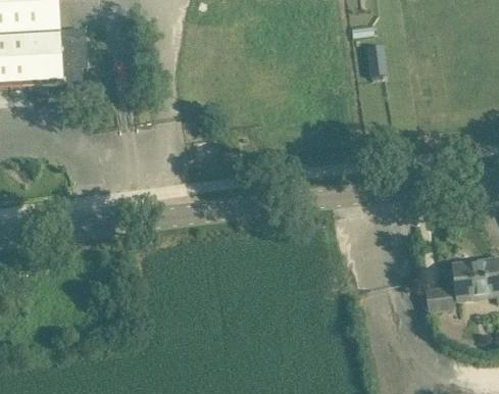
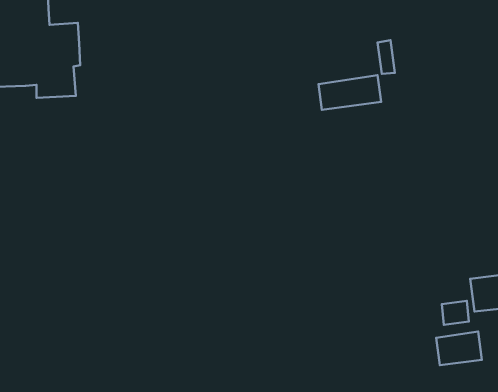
building: none -> [318,75,381,110]
building: none -> [436,332,482,365]

